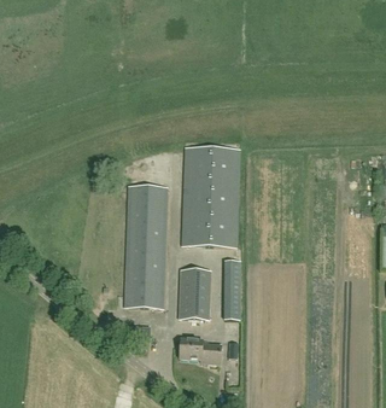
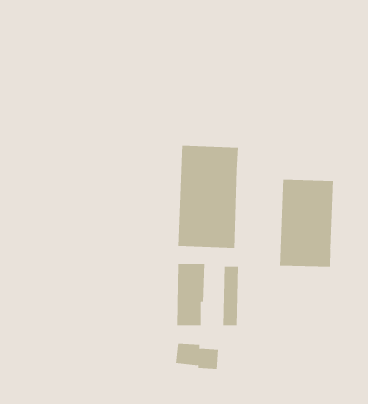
building: none -> [279,179,334,268]
building: [124,185,168,307] -> none

